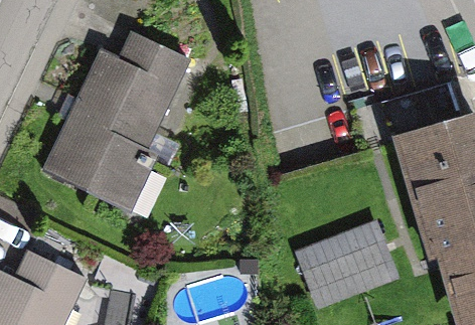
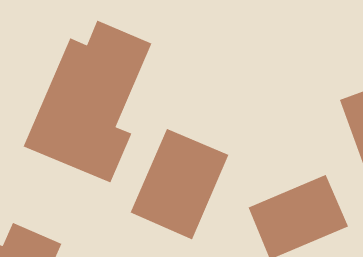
building: none -> [130,128,229,241]

